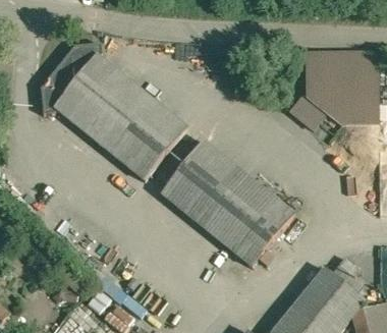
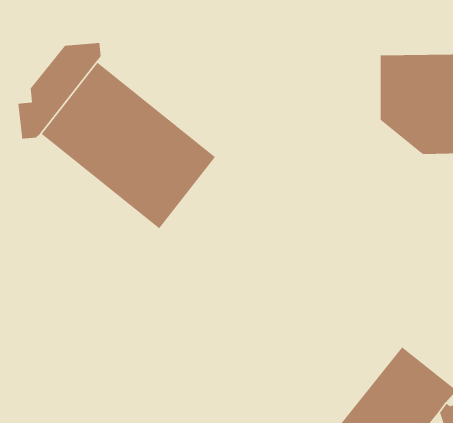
building: [161,140,295,266] -> none

